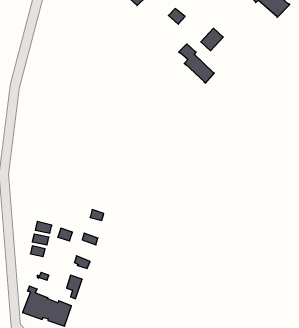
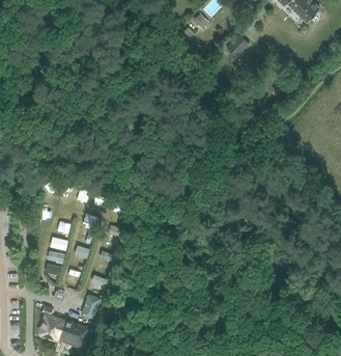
building: [179,44,214,83] -> none

